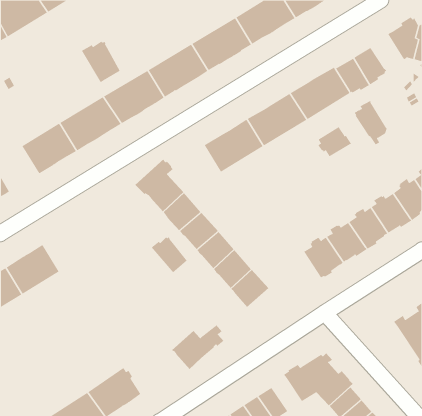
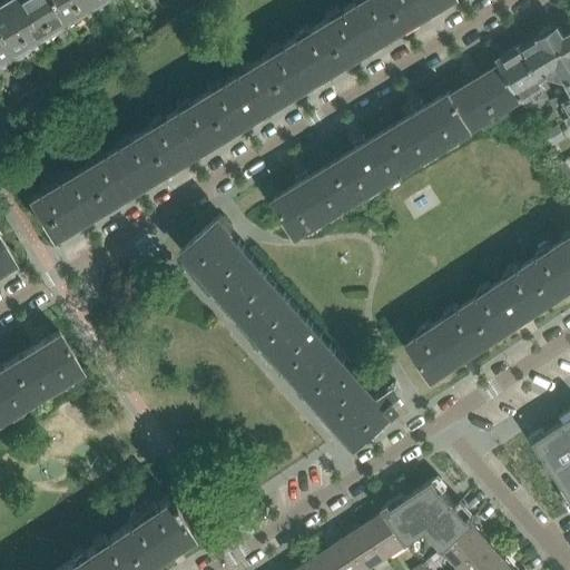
building: [81,41,121,83] -> none
building: [354,100,388,145] -> [499,50,544,111]
building: [317,126,352,157] -> none
building: [151,236,188,273] -> none
building: [171,324,224,370] -> [333,389,404,450]
building: none -> [366,518,406,562]

